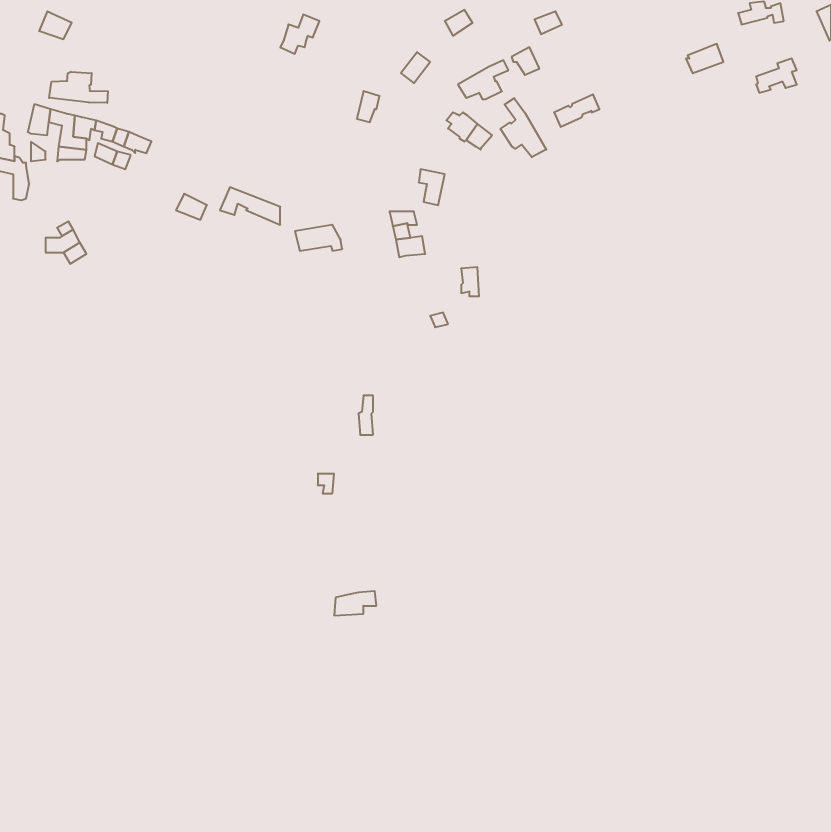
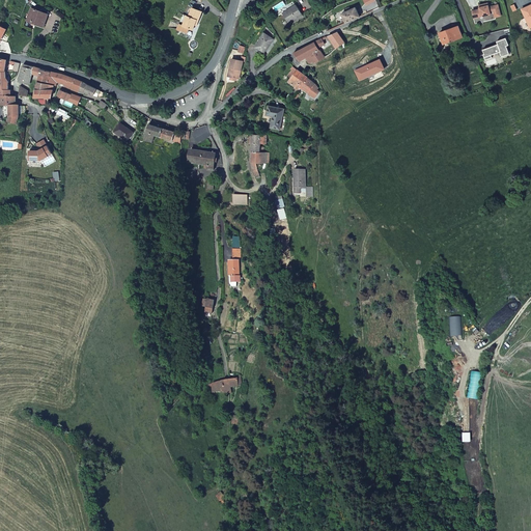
building: [49,72,108,103] -> none
building: [500,98,546,157] -> none

